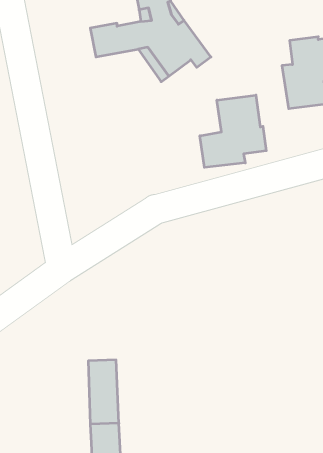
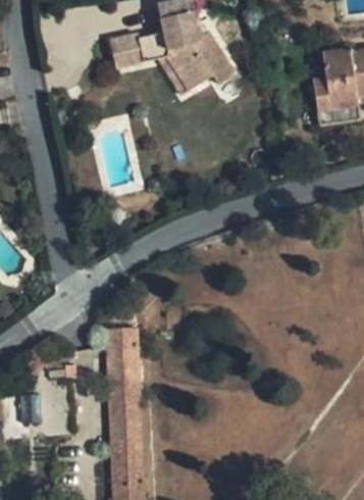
building: [200,95,266,167] -> none
building: none -> [107,322,138,393]

